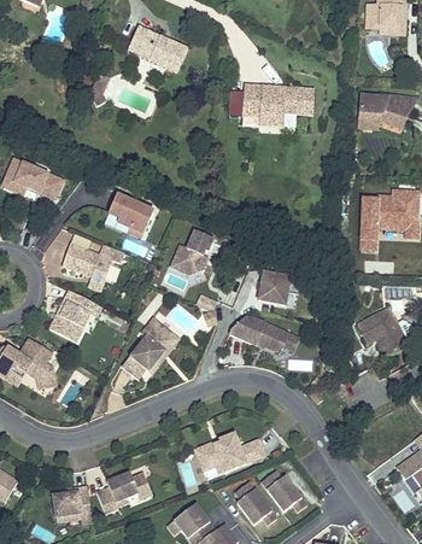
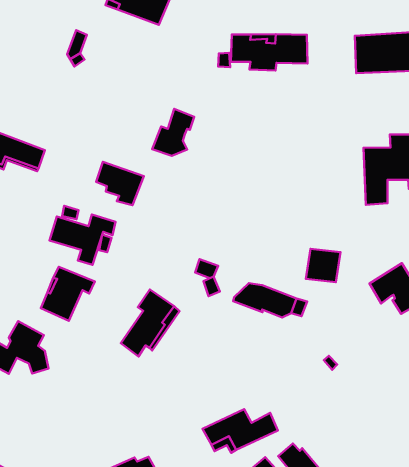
building: [171,230,212,274] -> [152,109,194,156]
building: [257,273,291,305] -> [306,249,341,282]

